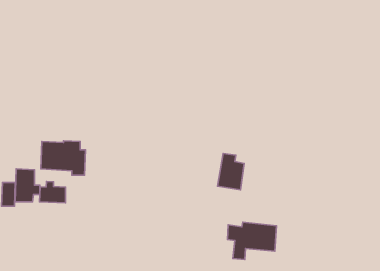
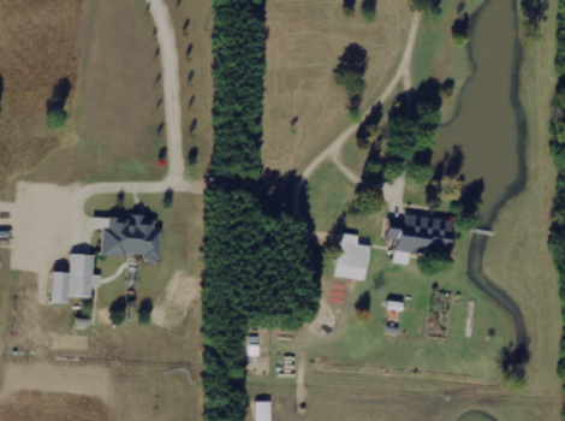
building: [39,181,66,203] -> none
building: [227,222,277,260] -> [386,214,451,263]

